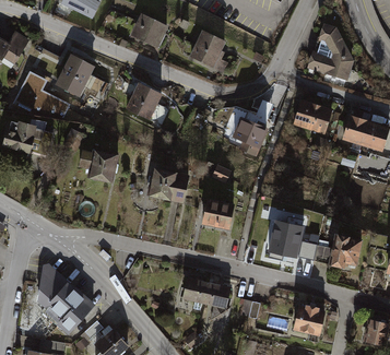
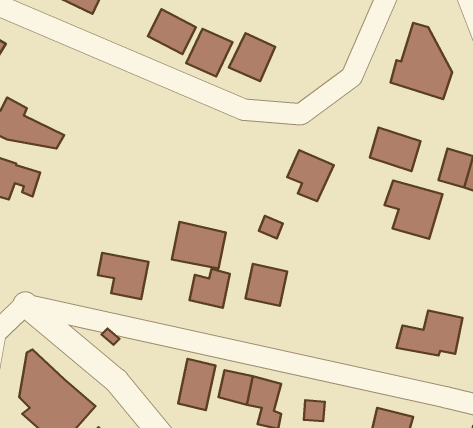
building: [56,56,93,96] -> none
building: [127,83,161,118] -> [186,29,233,77]
building: none -> [385,180,443,239]
building: [80,150,117,184] -> [98,253,149,299]
building: none -> [189,269,230,308]
building: [270,216,303,258] -> none
building: none -> [178,359,215,410]

